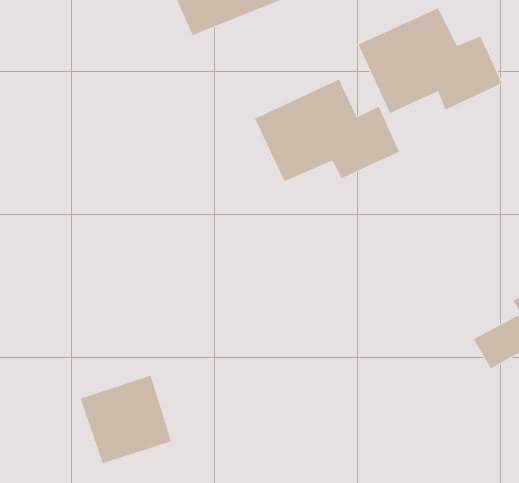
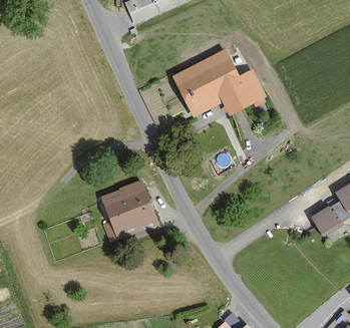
building: [358,8,503,114] -> none
building: [80,375,172,464] -> [98,180,156,236]

